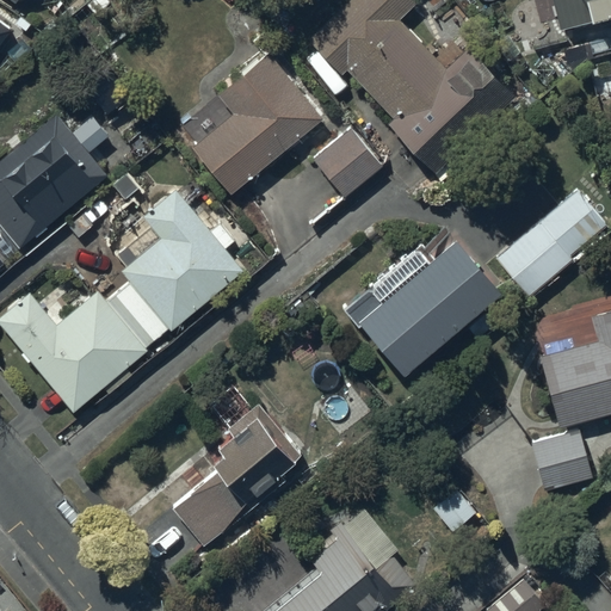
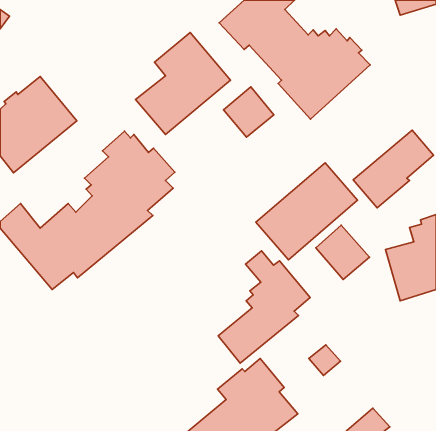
building: none -> [316,225,369,280]
building: [172,388,301,545] -> [218,251,310,363]
building: [531,431,591,492] -> none

